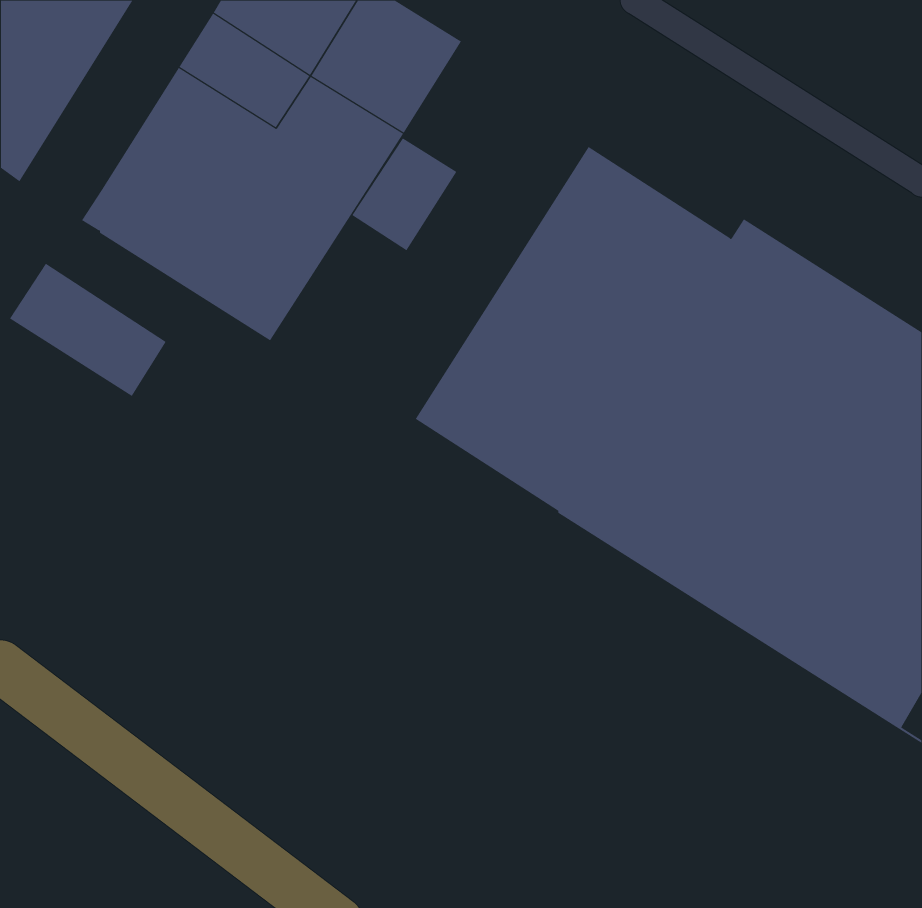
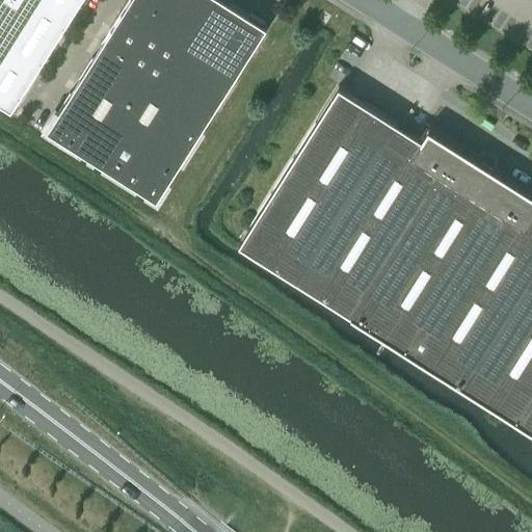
building: [351,137,457,251] -> none
building: [9,263,167,397] -> none

